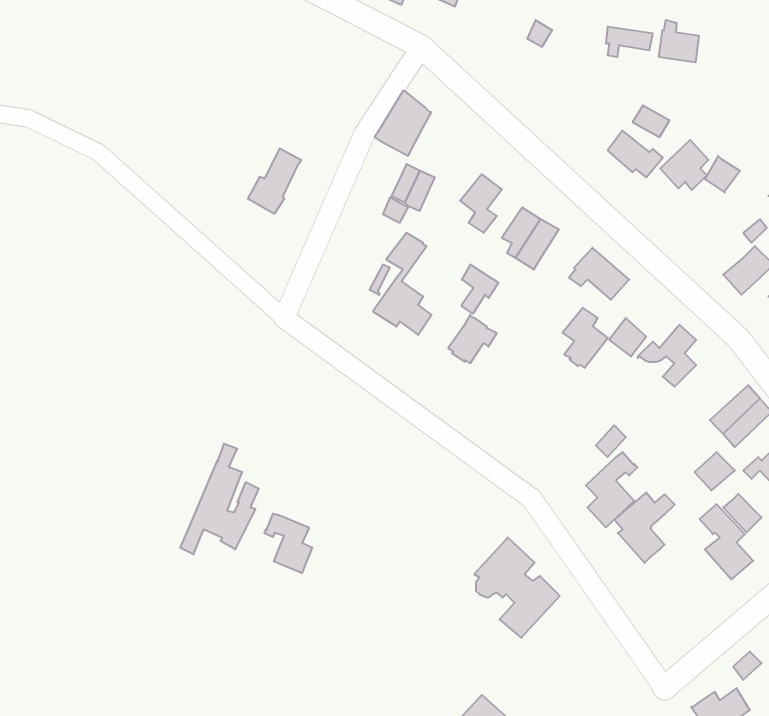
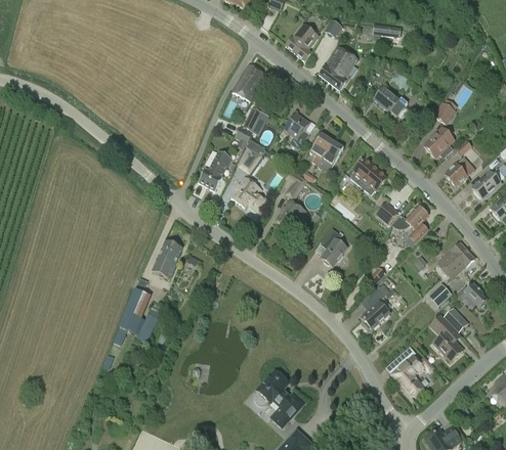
building: [659,20,699,62] -> none
building: none -> [286,24,319,59]
building: none -> [320,44,359,90]
building: [660,140,709,190] -> [424,127,454,158]
building: [248,148,301,214] -> [199,150,231,190]
building: [563,308,608,368] -> [320,228,347,265]
building: none -> [152,239,182,277]
building: [614,493,675,563] -> [393,354,430,397]
building: [264,513,312,573] -> none
building: [474,537,560,638] -> [254,367,306,429]

